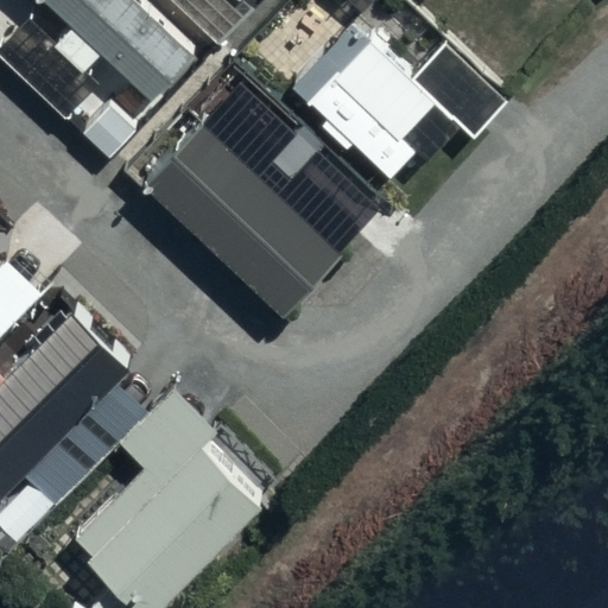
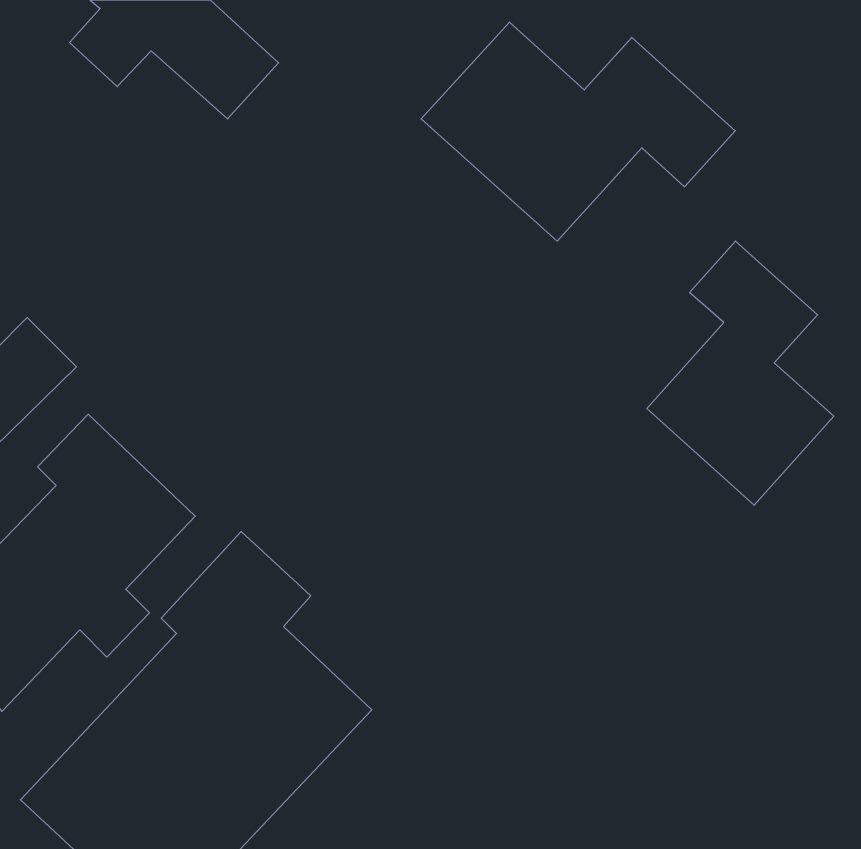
building: [138,81,353,328] -> none
building: none -> [647,241,834,505]

